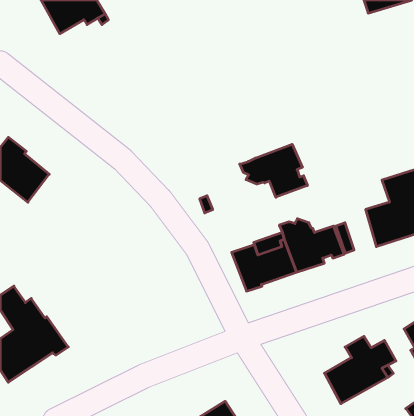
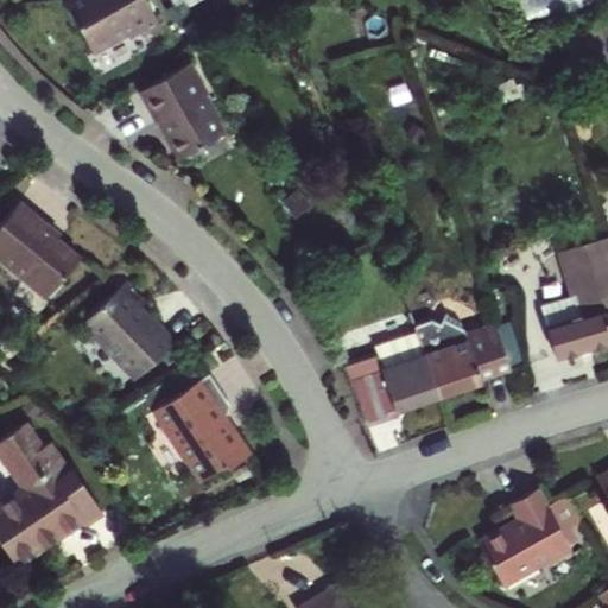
building: none -> [140,69,222,163]
building: [240,144,307,197] -> none
building: none -> [84,281,176,378]
building: none -> [156,370,252,477]

